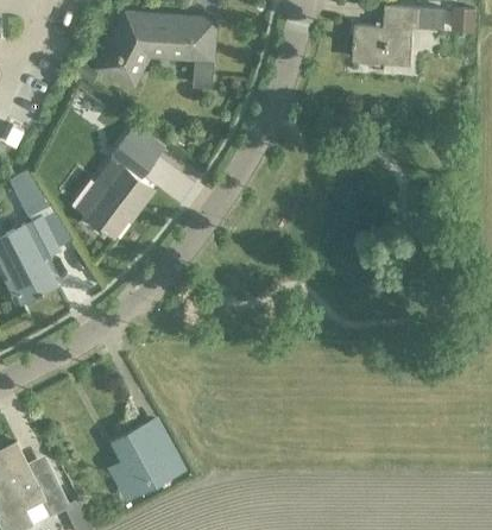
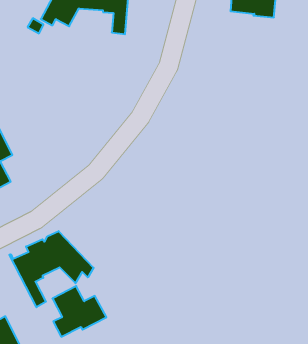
building: [75,135,153,238] -> none
building: none -> [9,231,94,307]

